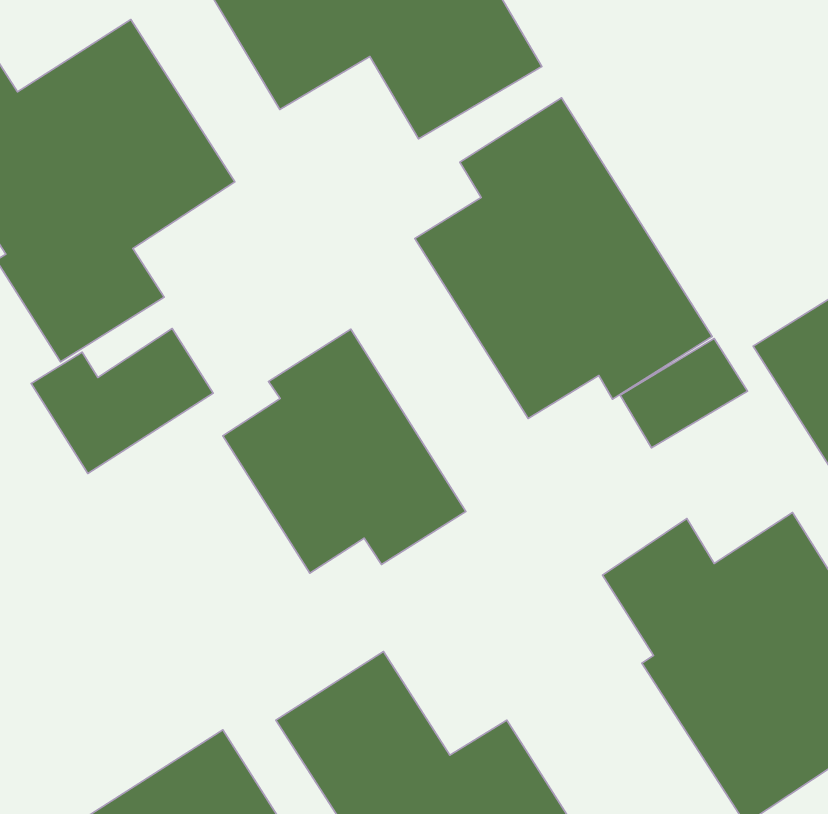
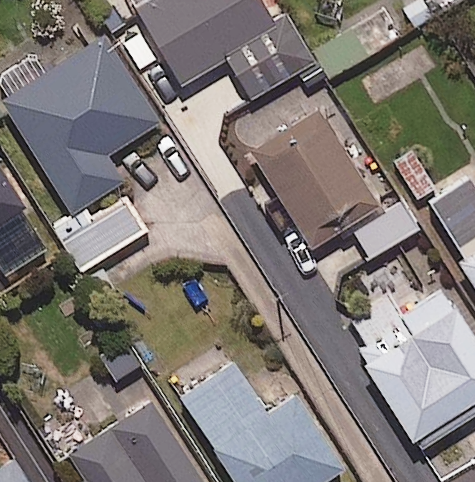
building: [223,329,466,573] -> none

